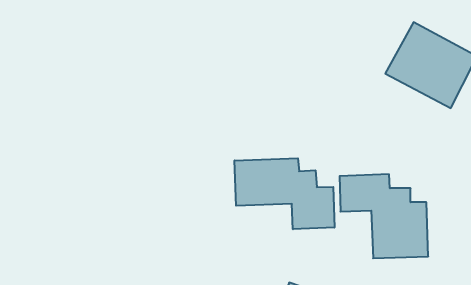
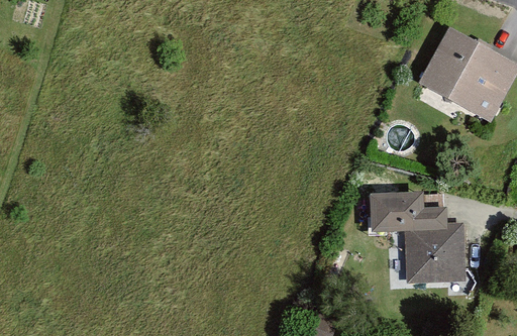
building: [235,158,334,229] -> none

